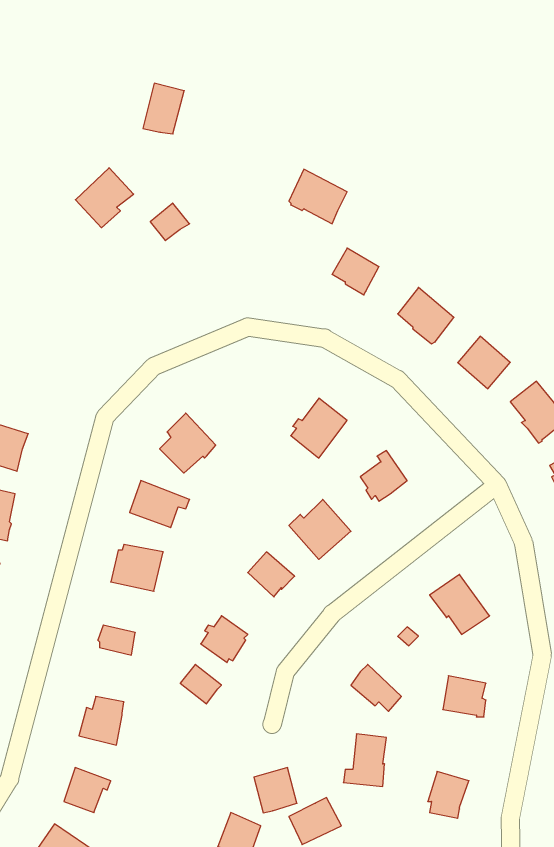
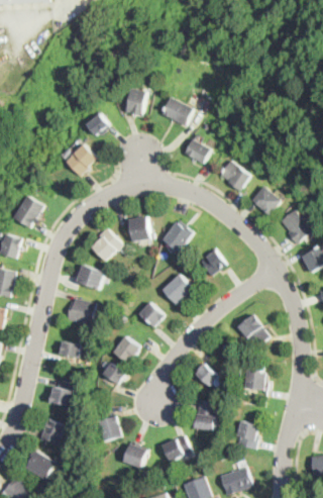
building: [143,83,184,134] -> [125,87,147,114]
building: [75,168,134,228] -> [66,143,97,176]
building: none -> [13,195,43,227]
building: none -> [128,215,152,241]
building: [254,768,297,813] -> [98,416,121,440]

